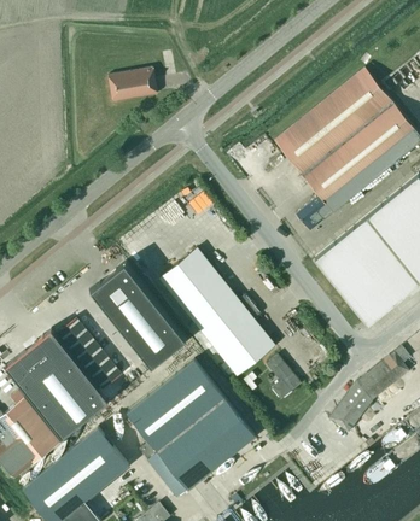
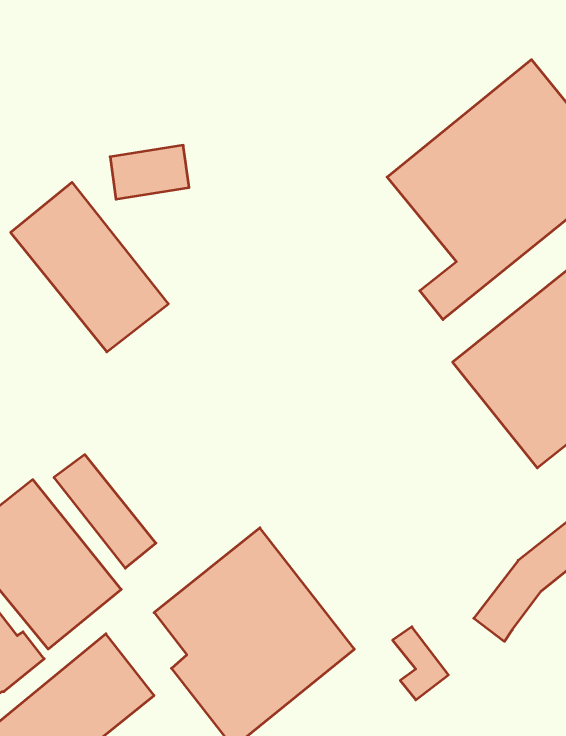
building: [107,68,157,101] -> [110,145,189,199]
building: [159,248,274,374] -> none
building: [88,260,187,367] -> [11,182,168,352]
building: [266,353,301,399] -> [393,627,448,700]

